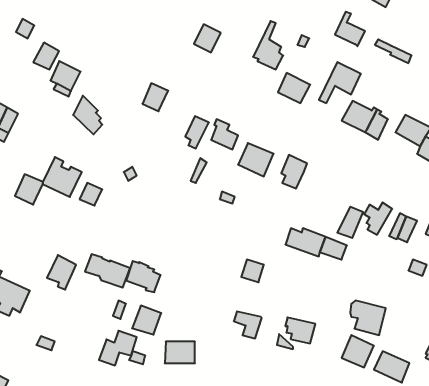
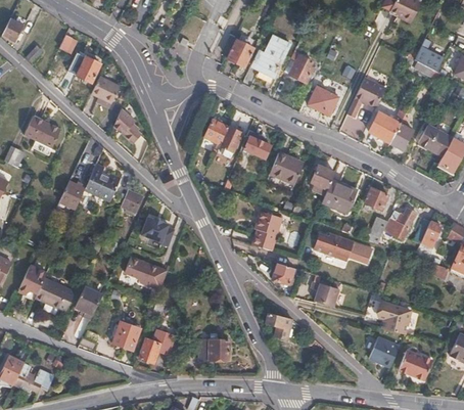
building: [335,12,365,46] -> [415,39,444,72]
building: none -> [250,36,290,77]
building: [142,83,168,111] -> [204,120,229,146]
building: none -> [323,177,368,211]
building: none -> [357,188,387,219]
building: none -> [251,210,281,249]
building: [47,255,76,290] -> [73,288,100,321]
building: [126,261,161,292] -> [142,217,175,246]
building: [132,306,161,335] -> [111,322,139,350]
building: [285,317,315,343] -> [310,281,338,306]

